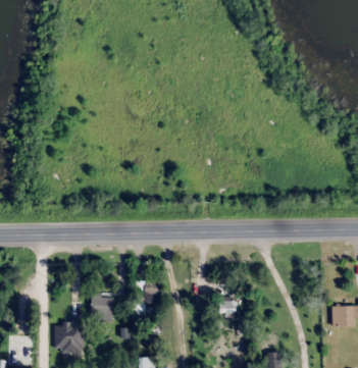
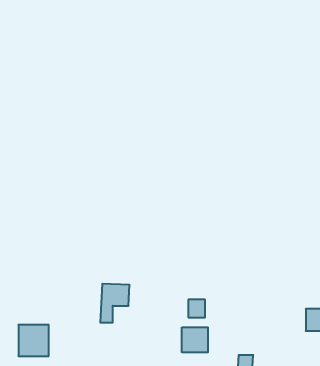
building: [91,296,114,322] -> none
building: none -> [182,327,208,352]

